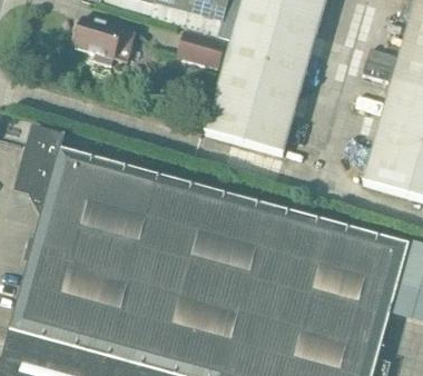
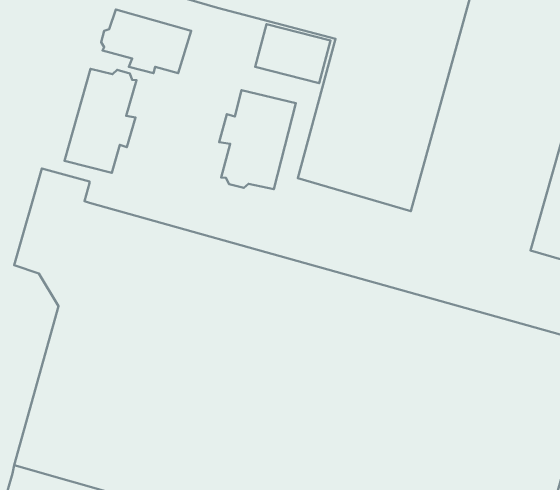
building: none -> [65,69,136,173]
building: none -> [219,90,296,189]

